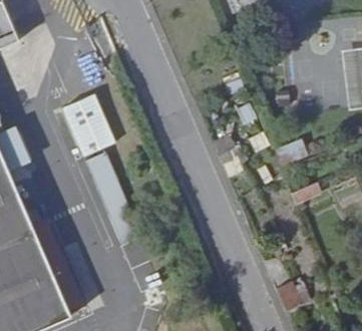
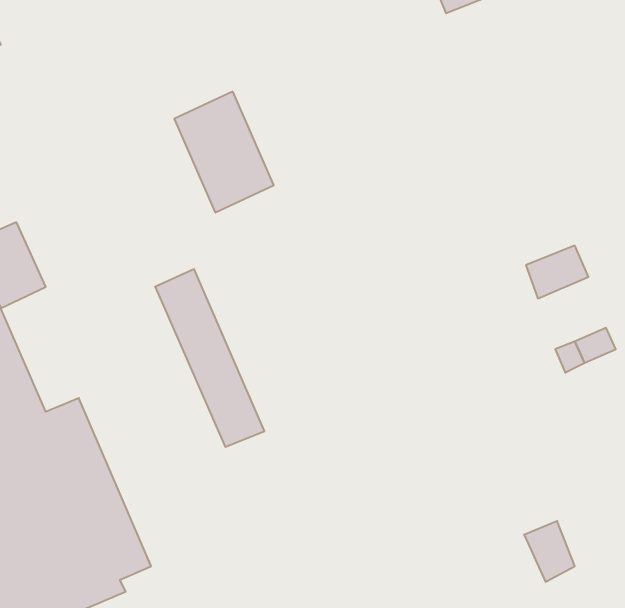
building: [63,94,114,156] -> [174,92,274,213]

